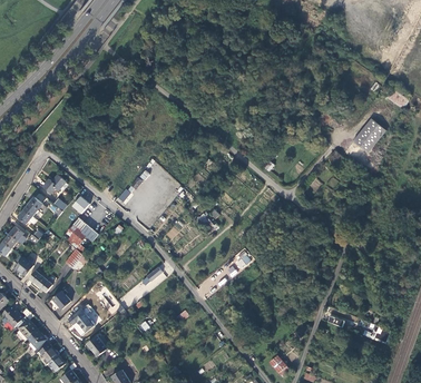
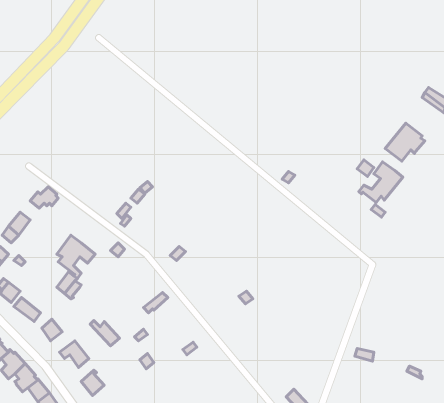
building: none -> [359,162,403,203]

